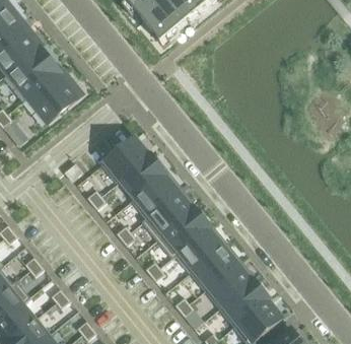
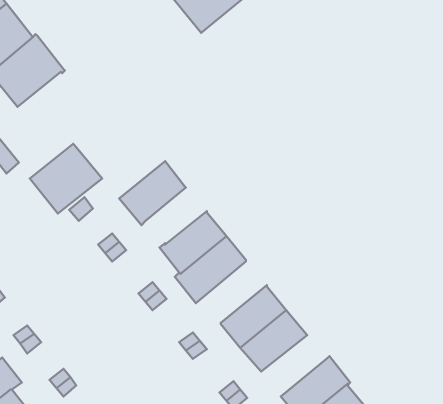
building: [25,71,78,122] -> [30,144,102,213]
building: [119,152,165,197] -> none
building: [155,206,209,258] -> none
building: [203,263,251,307] -> none

